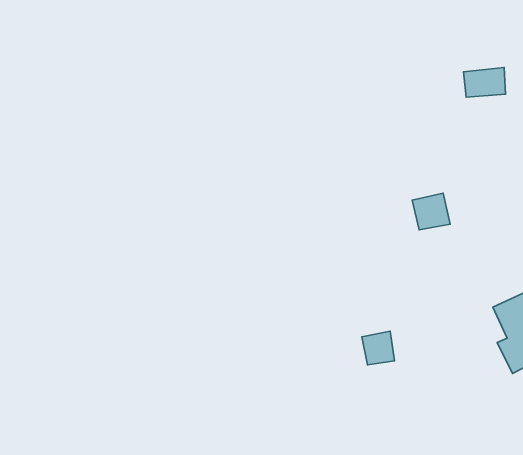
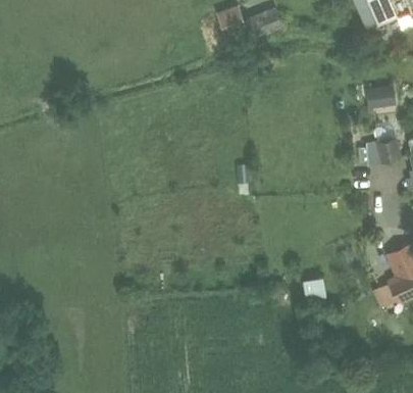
building: [412,193,450,230] -> [363,137,391,163]

